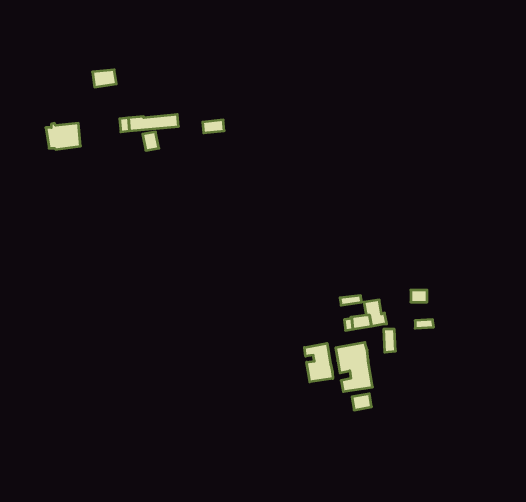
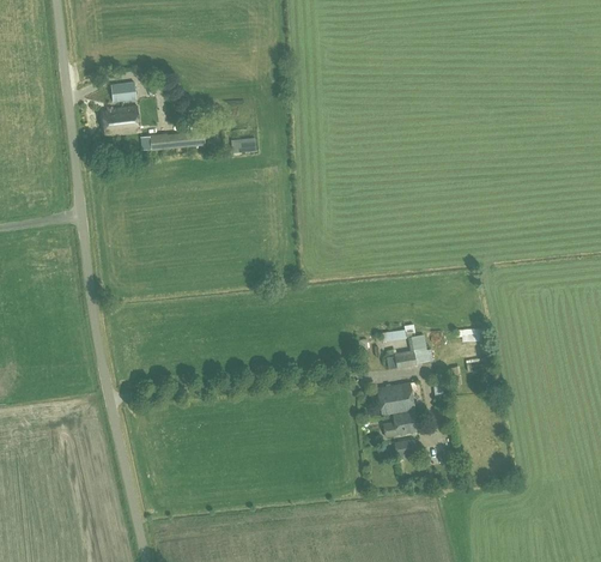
building: [46,123,81,149] -> [102,105,140,134]
building: [304,343,333,382] -> none

